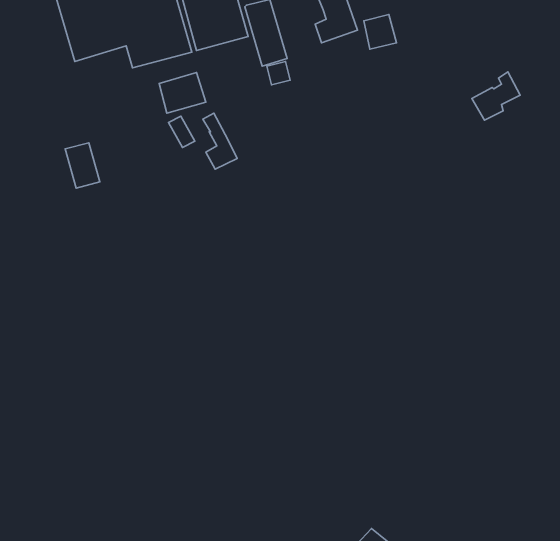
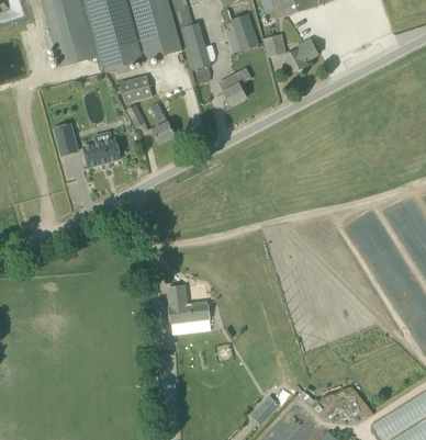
building: none -> [220,68,251,105]
building: [472,72,520,120] -> [284,38,318,72]
building: none -> [83,132,121,167]
building: none -> [168,285,210,323]

